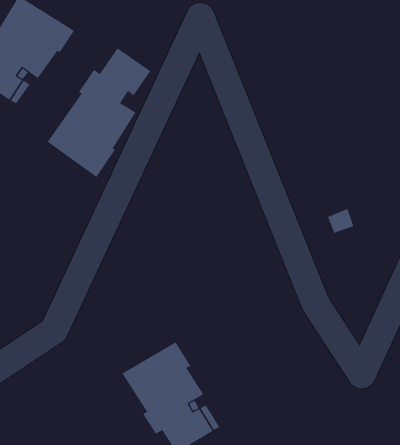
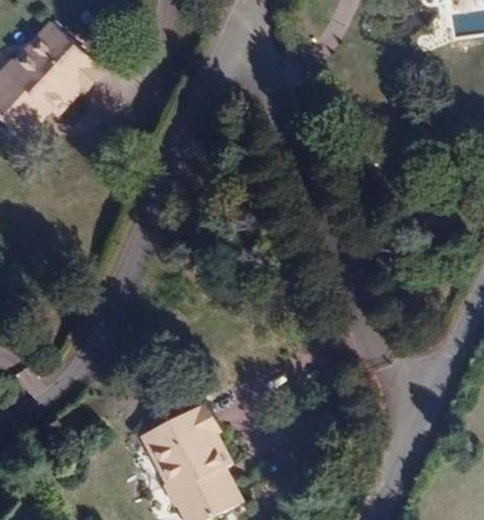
building: [47,47,151,178] -> none

